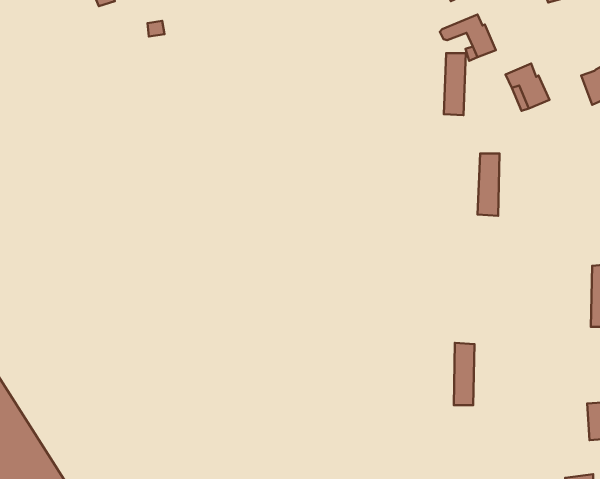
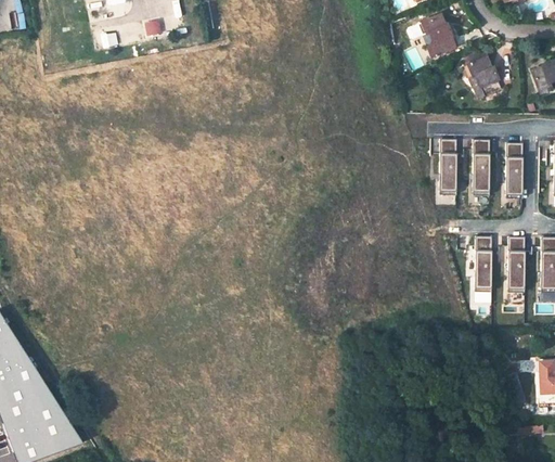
building: [444,53,466,115] -> [472,140,491,195]
building: none -> [504,143,522,198]
building: none -> [507,236,526,292]
building: [454,343,474,405] -> [474,235,492,291]

